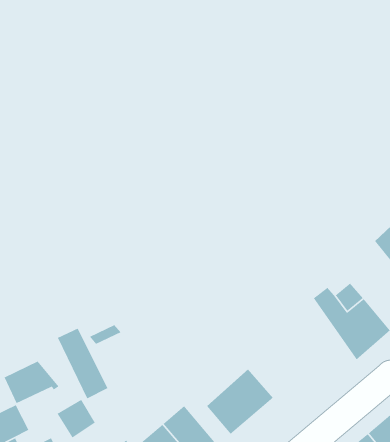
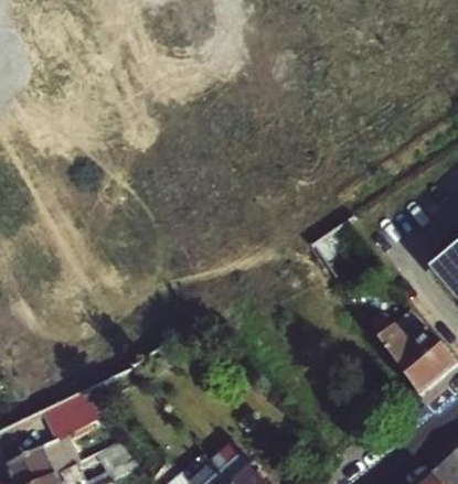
building: [57,327,108,399] -> none
building: [206,369,274,435] -> none

